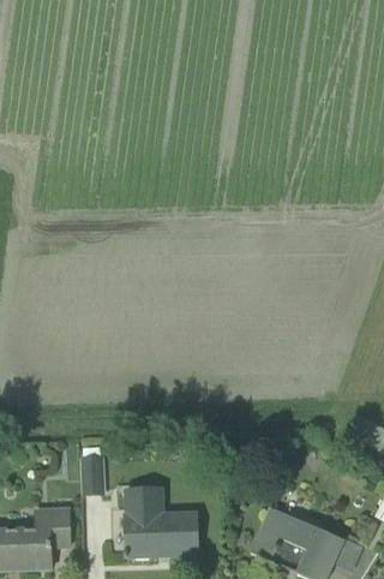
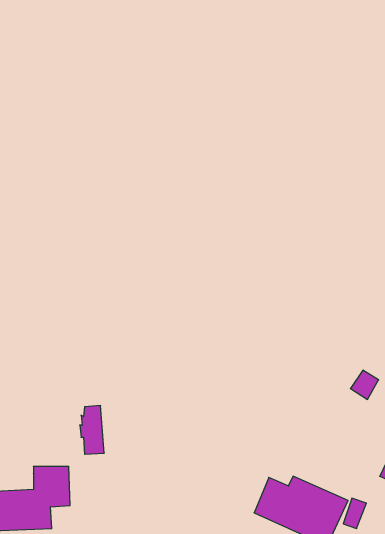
building: [124,487,198,556] -> none

